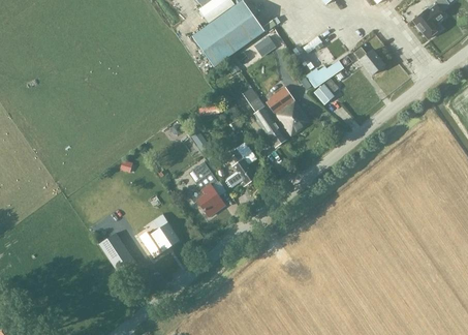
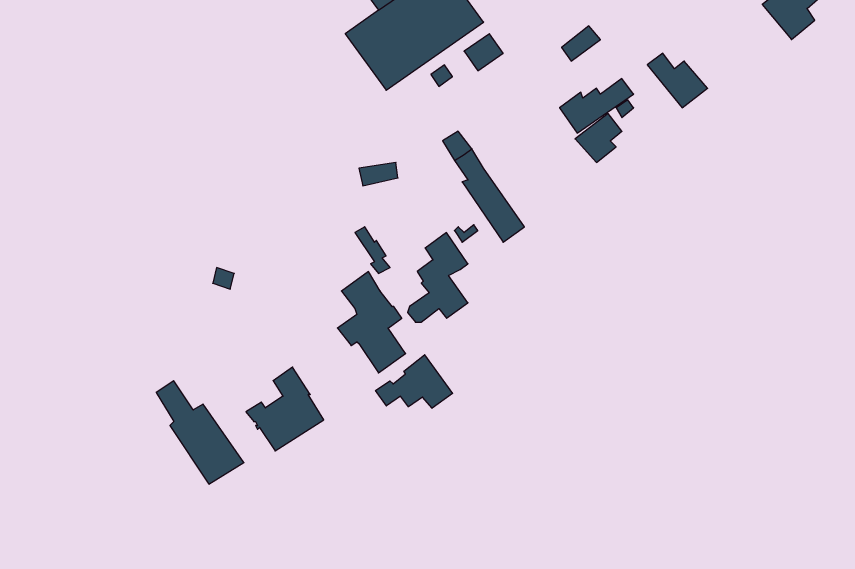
building: [268,86,310,135] -> none
building: none -> [376,355,453,408]

